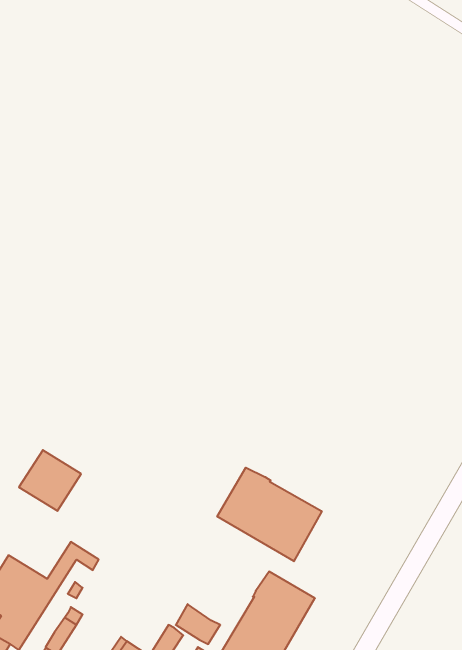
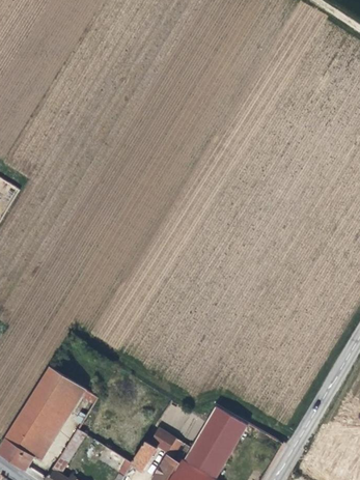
building: [19,450,81,511] -> [32,368,76,411]
building: [217,468,322,561] -> none

